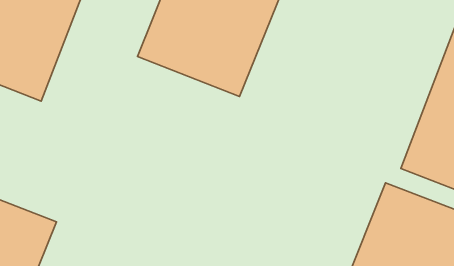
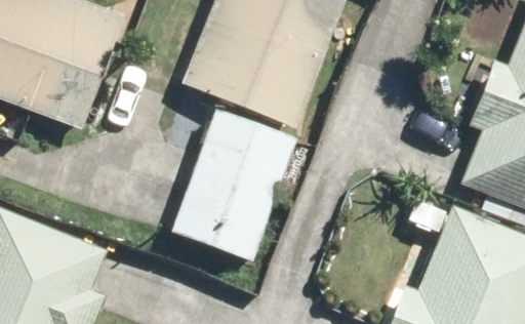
building: none -> [170,115,293,262]

